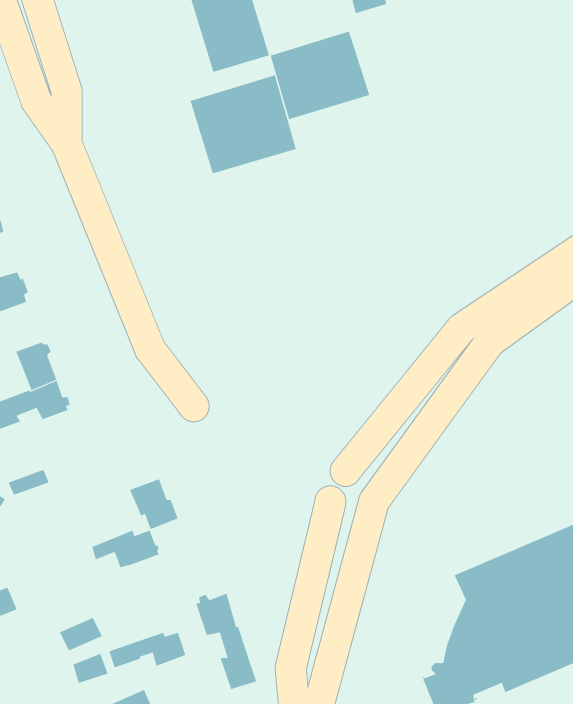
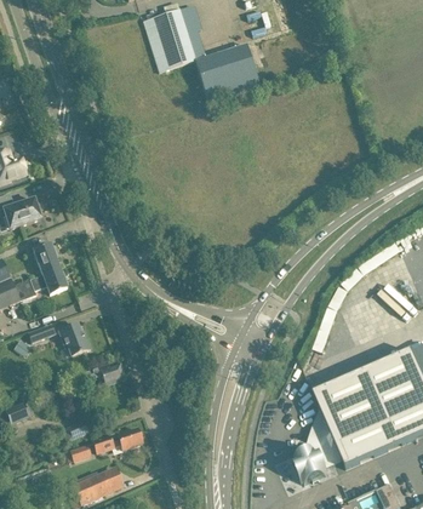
building: [190,75,297,174] -> none
building: [129,479,179,530] -> [58,321,90,354]
building: [195,593,257,690] -> none

